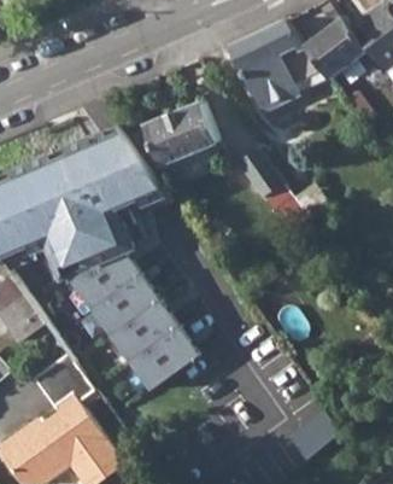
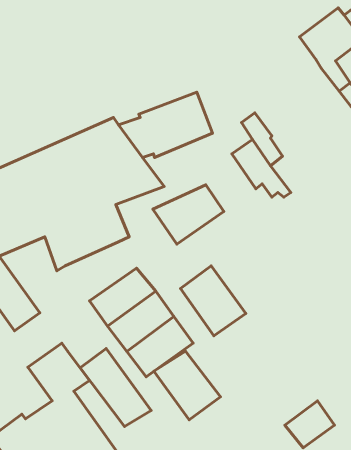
building: [229,21,321,113] -> none
building: [70,253,141,313] -> [153,185,224,244]
building: none -> [180,266,246,336]
building: none -> [80,349,151,427]
building: none -> [154,351,221,420]

